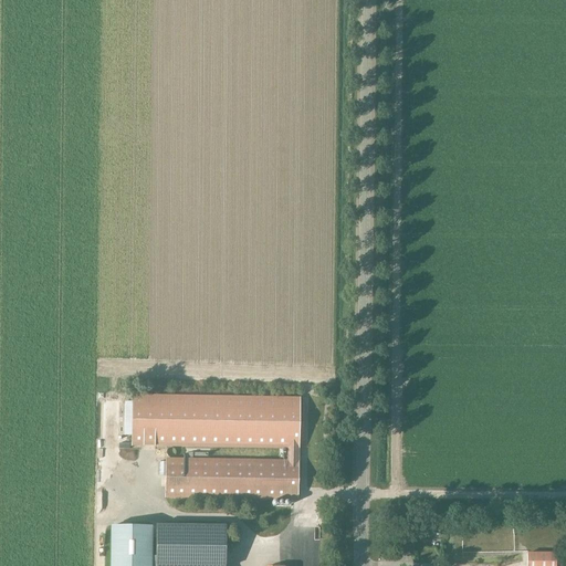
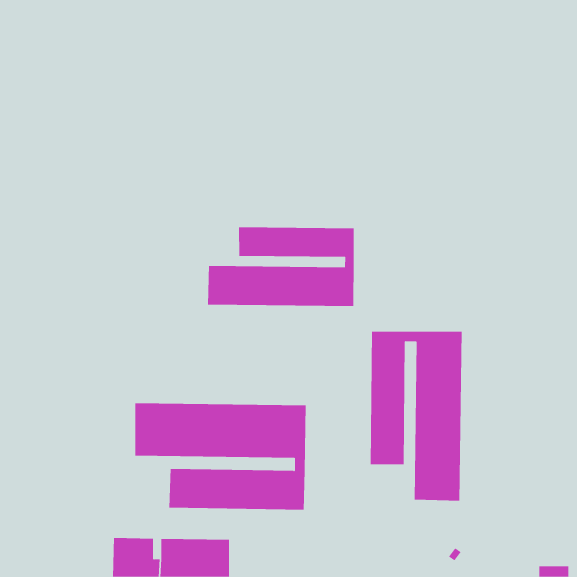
building: none -> [208,227,354,307]
building: none -> [370,331,462,501]

